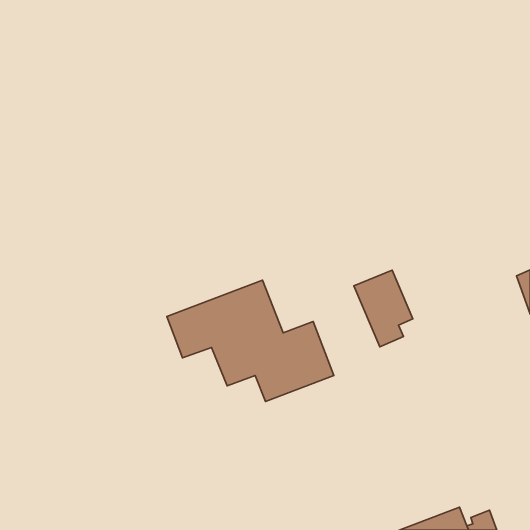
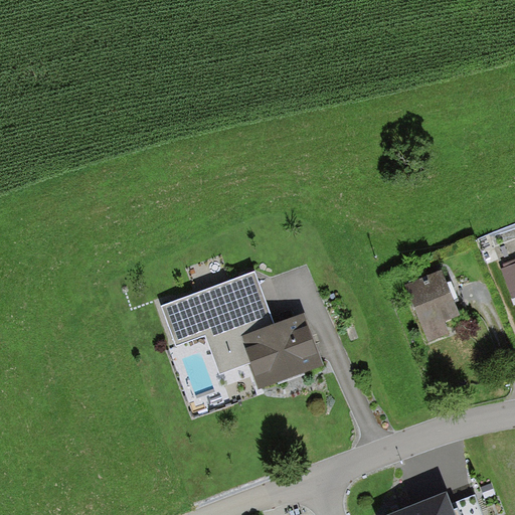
building: [354,270,413,347] -> [402,269,460,343]

